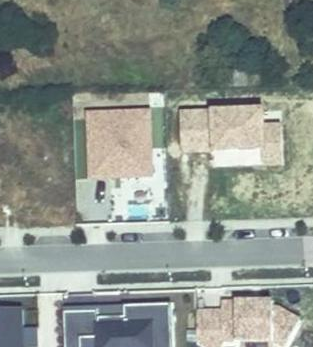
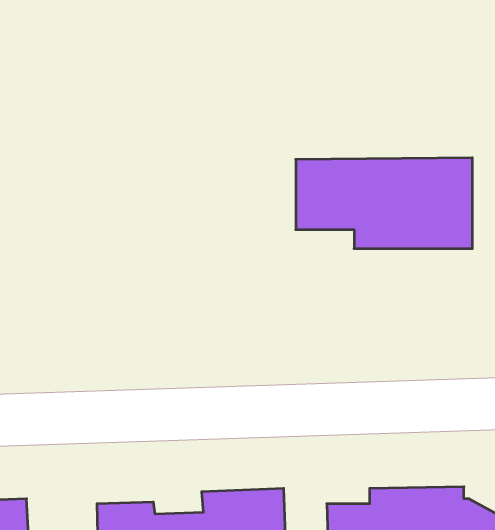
building: [88,109,151,176] -> none

